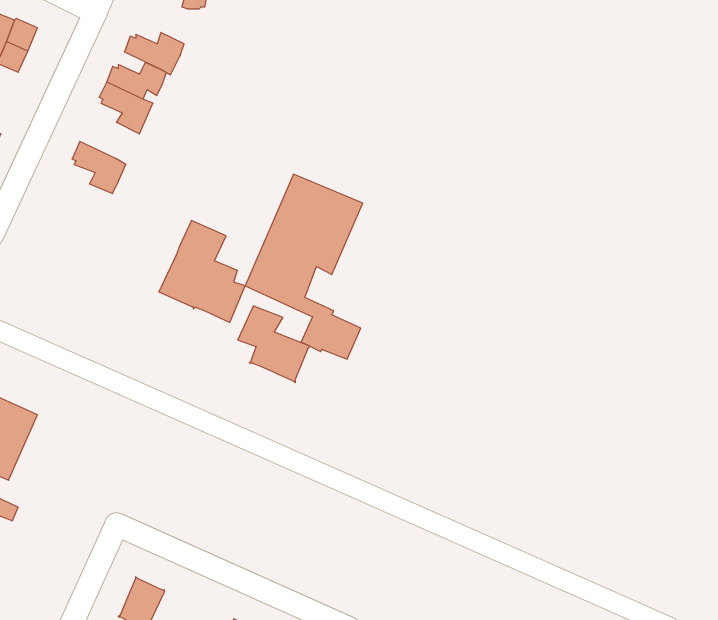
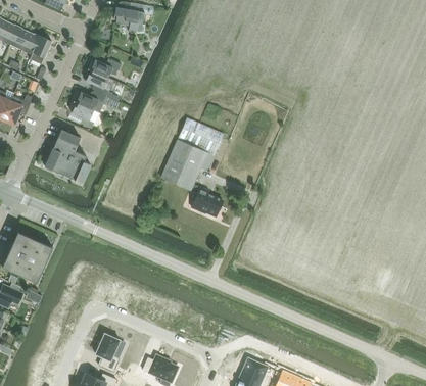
building: [124,32,184,75] -> [74,91,105,113]
building: [159,220,245,322] -> [44,130,90,184]
building: [238,306,309,383] -> none

